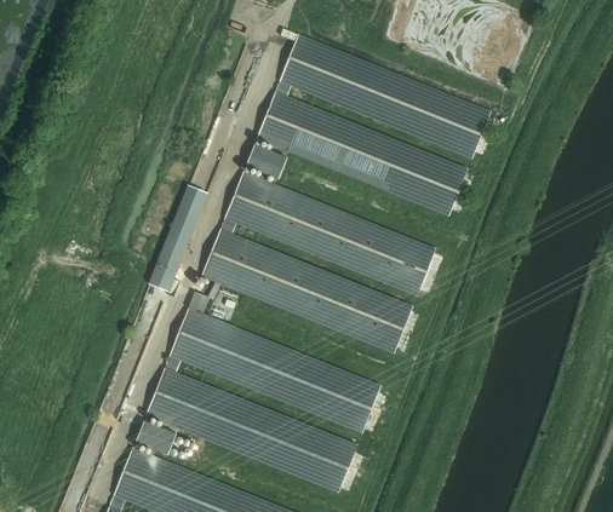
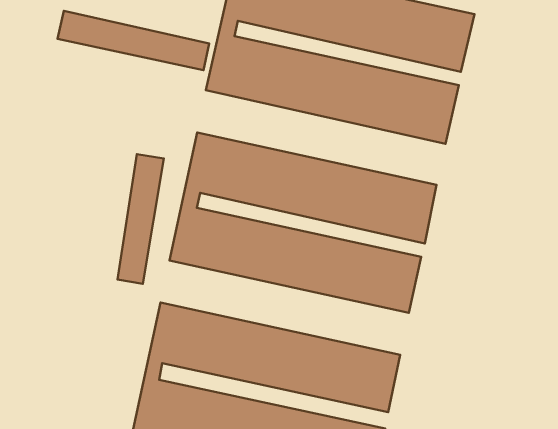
building: none -> [58,11,209,70]
building: [245,144,287,179] -> none

